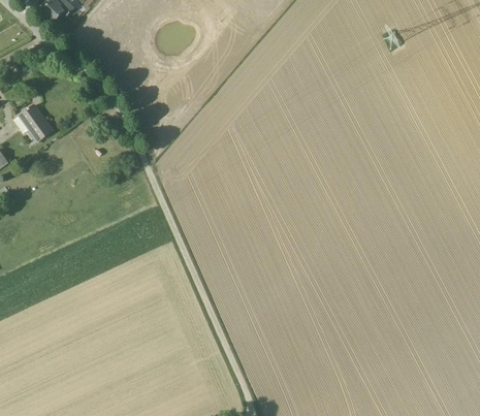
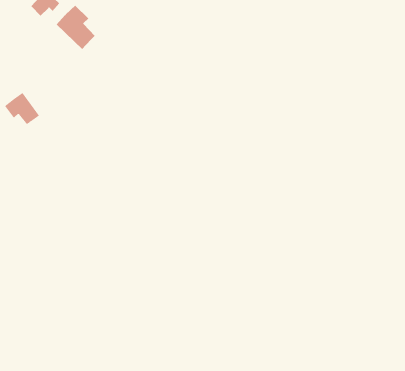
building: none -> [56,5,95,50]

